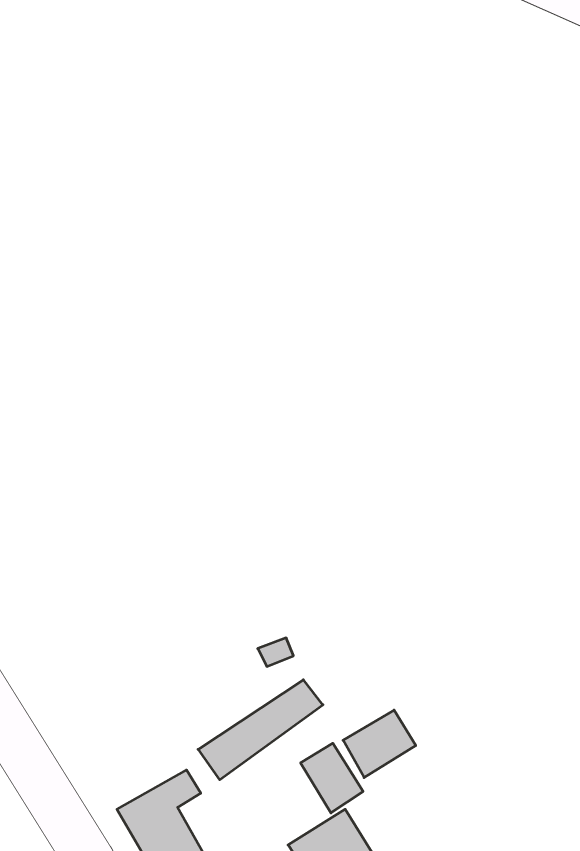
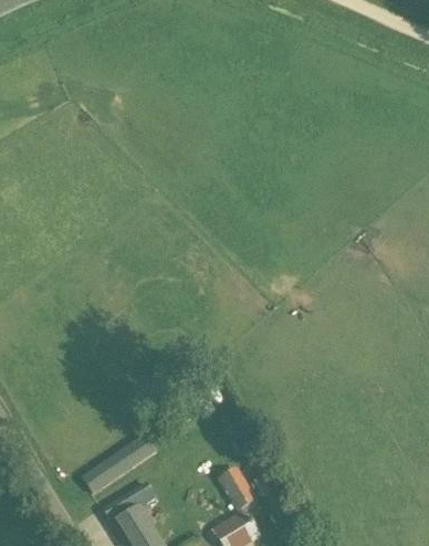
building: [198,680,323,780] -> [82,432,159,494]
building: [343,710,416,778] -> none

